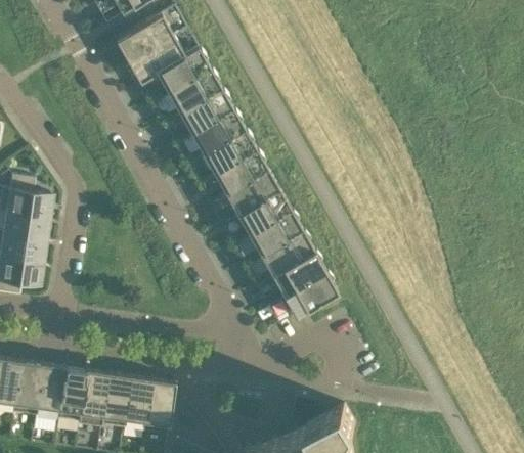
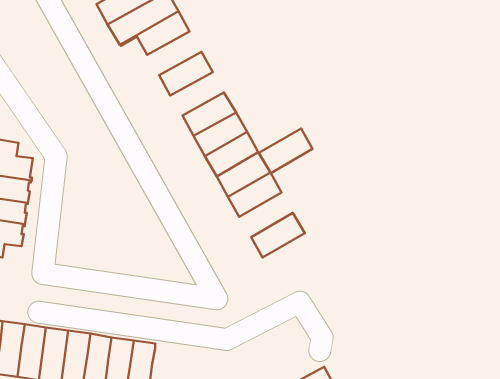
building: [165,69,220,112] -> none
building: [188,109,243,153] -> none
building: [258,231,312,276] -> [259,129,312,173]
building: [281,272,336,317] -> none

